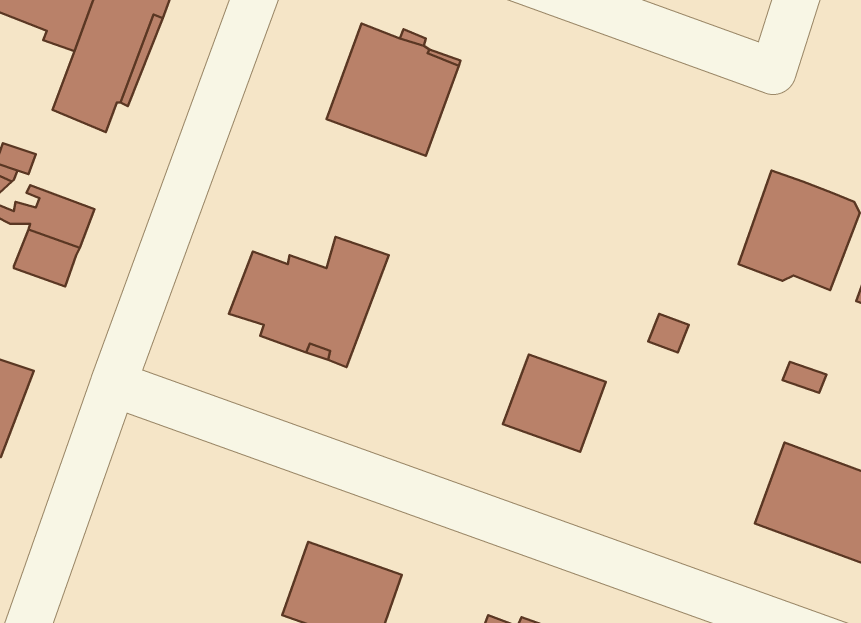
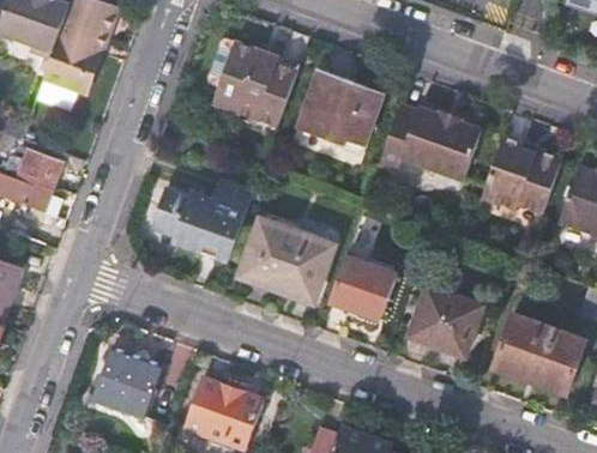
building: none -> [297,67,385,145]
building: none -> [379,103,482,180]
building: none -> [239,218,331,301]
building: none -> [408,284,483,356]
building: none -> [92,349,161,417]

